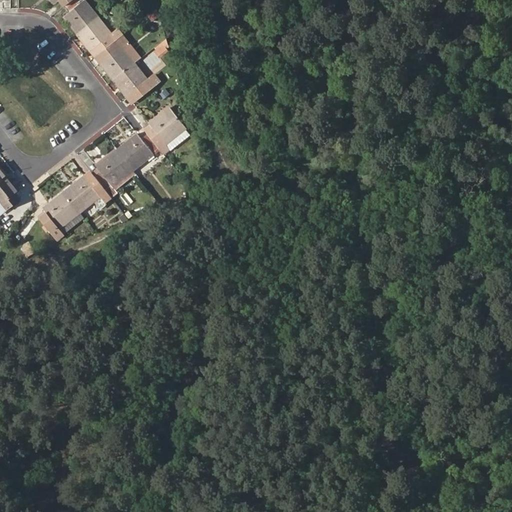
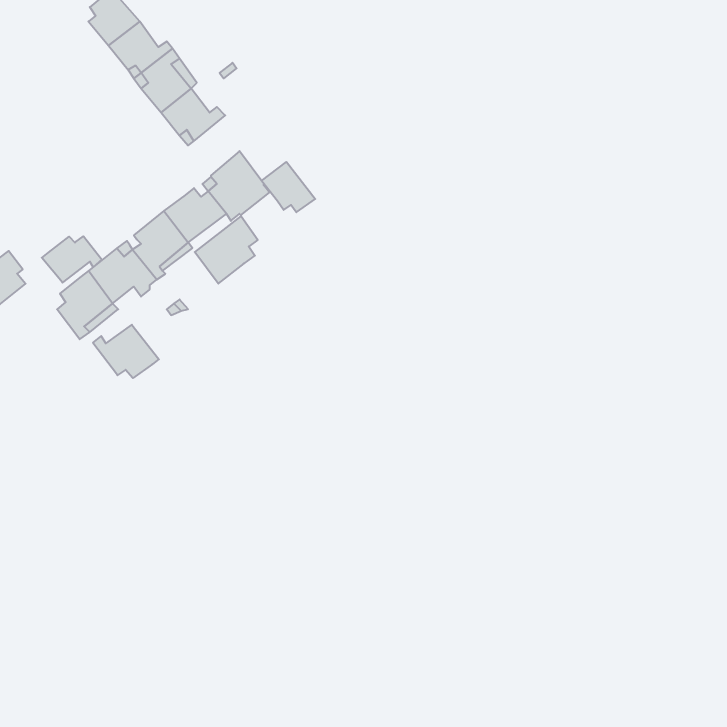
building: none -> [261,162,315,212]
building: none -> [195,216,258,284]
building: none -> [42,236,102,283]
building: none -> [93,325,159,378]

